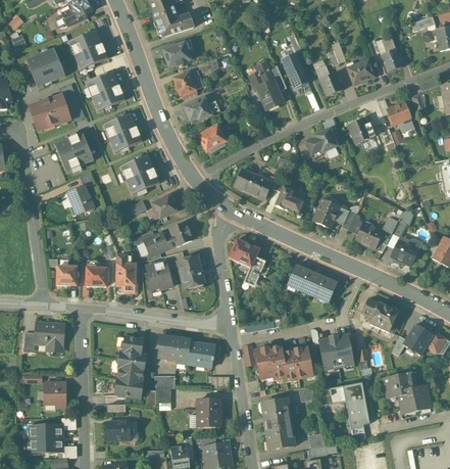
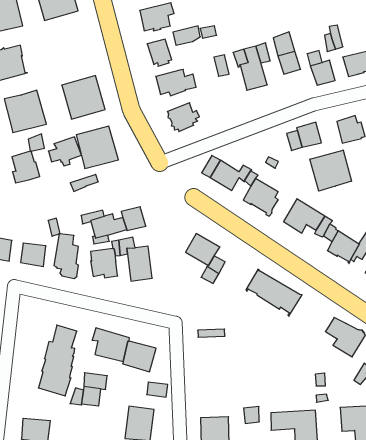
building: [86,72,126,112] -> none
building: none -> [310,150,352,191]
building: [147,195,177,222] -> [48,137,82,166]
building: [317,333,352,367] -> none
building: [254,345,311,379] -> none

